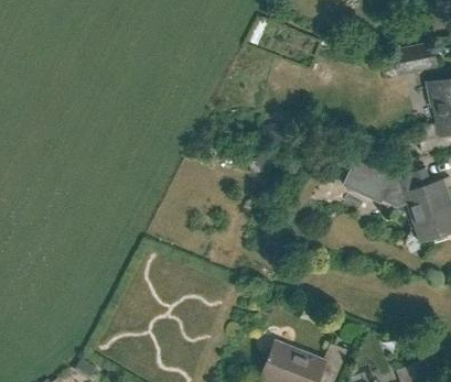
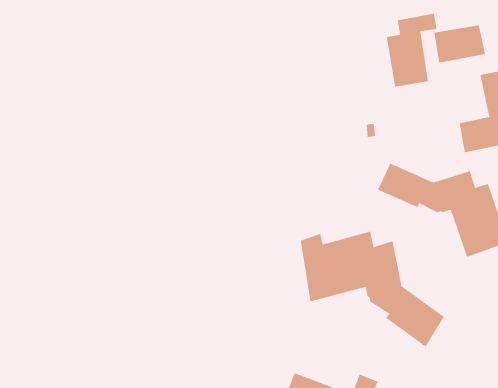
building: none -> [386,13,437,88]
building: none -> [300,231,445,347]

